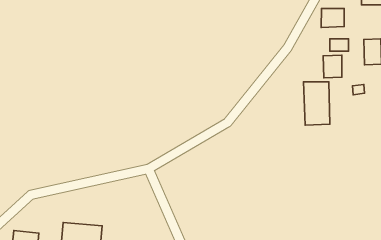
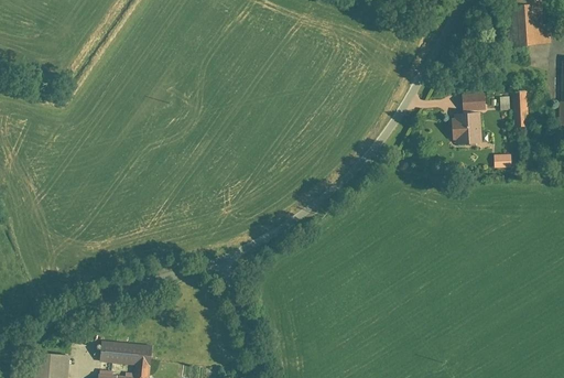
building: [321,9,344,27] -> none
building: [304,82,330,125] -> none

